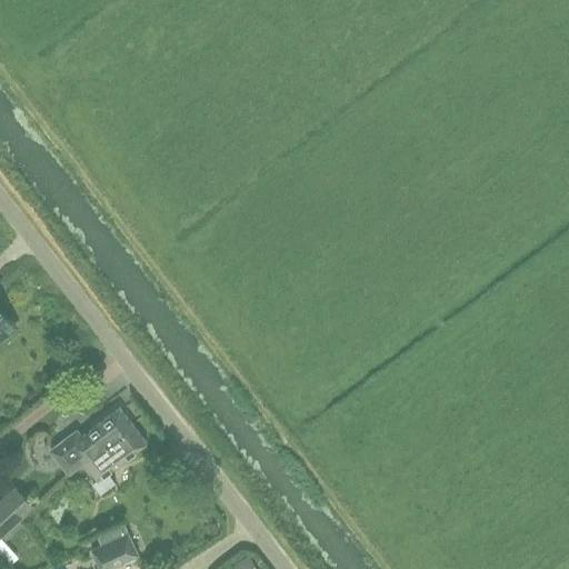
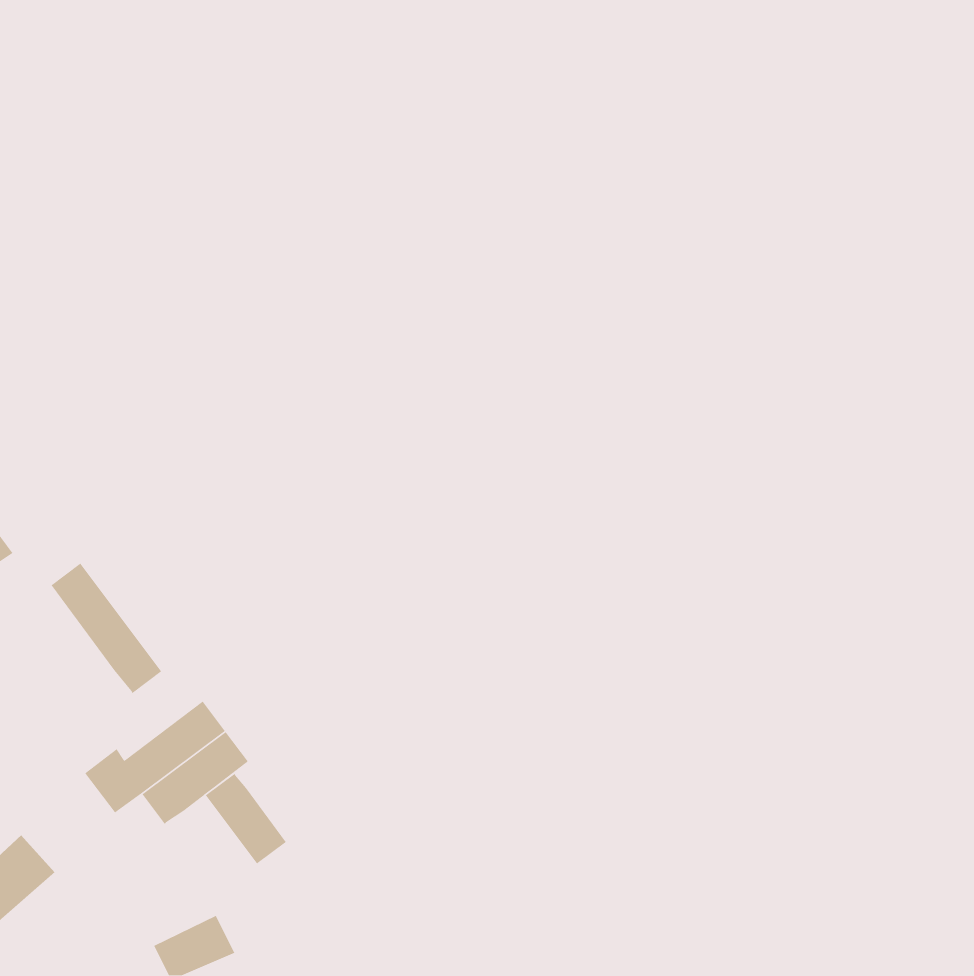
building: none -> [50,563,162,694]
building: none -> [205,773,287,865]

